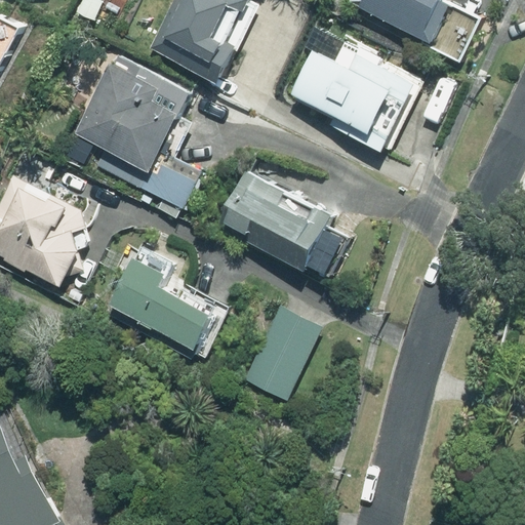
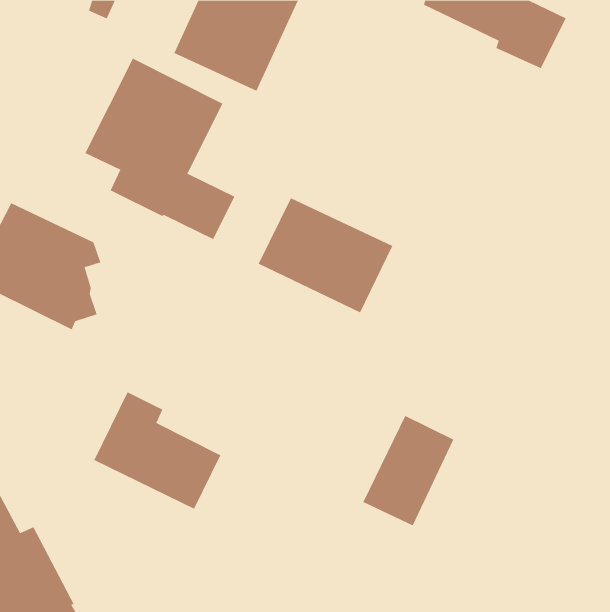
building: [293,46,416,149] -> none
building: [109,255,217,356] -> [93,391,221,509]
building: [243,306,321,400] -> [363,415,454,526]

